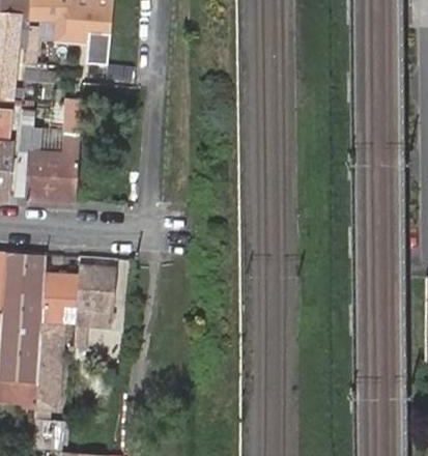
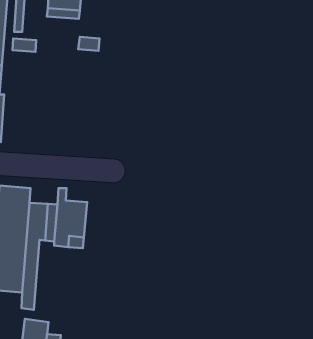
building: [15,103,84,204] -> none

